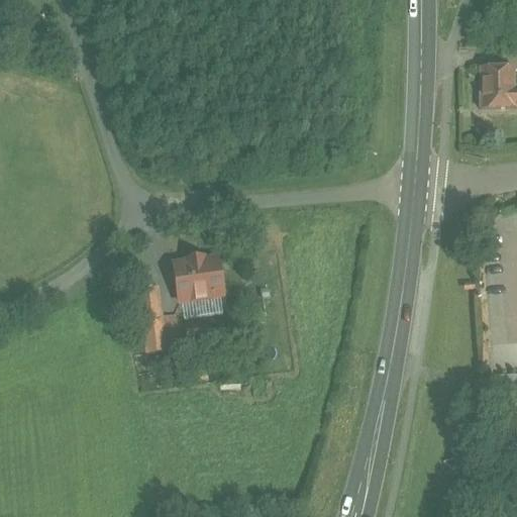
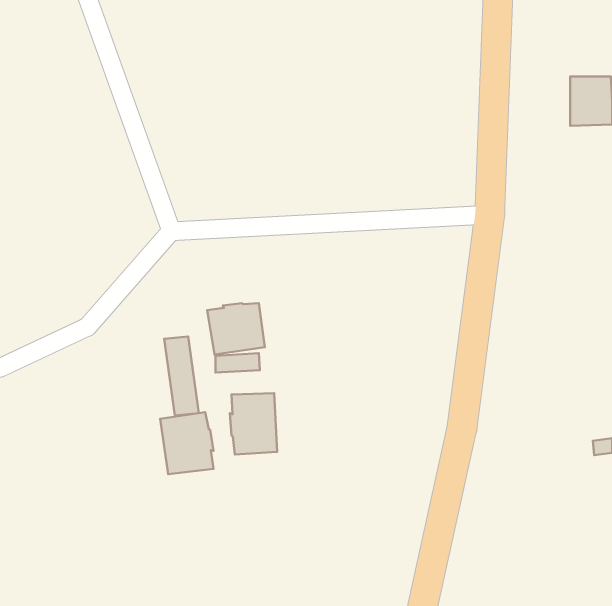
building: none -> [230,393,277,454]
building: none -> [160,412,214,474]

